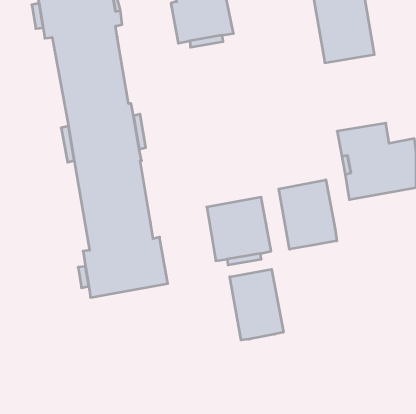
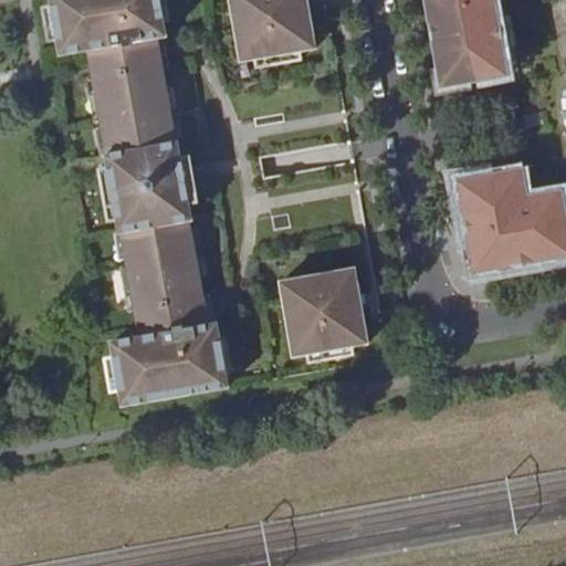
building: [279,180,337,249] -> none
building: [230,269,283,340] -> none

